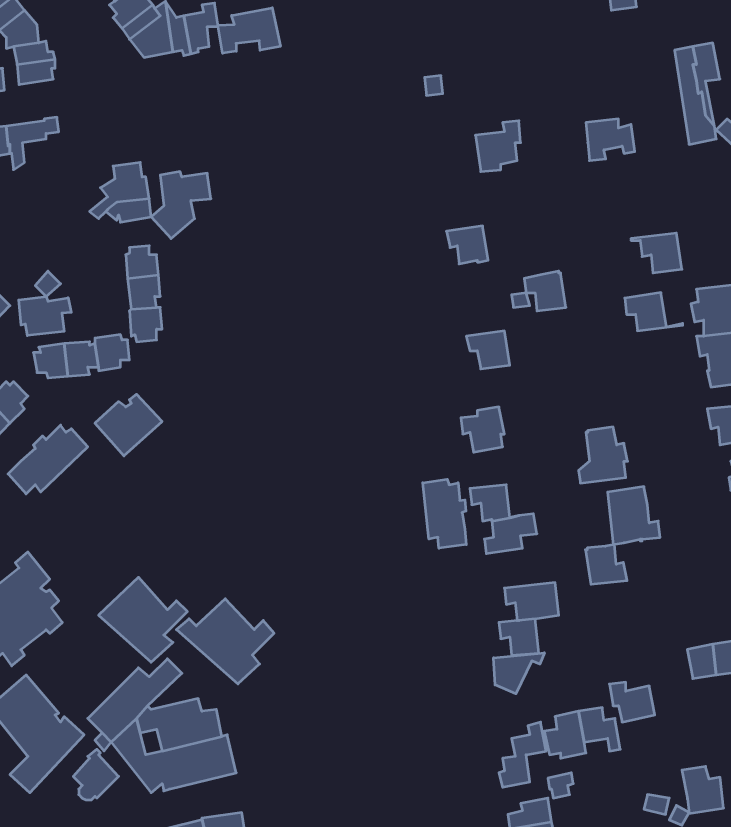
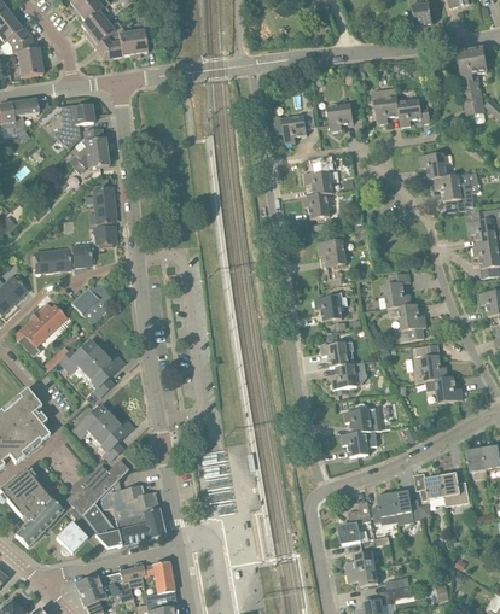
building: [218,8,280,53] -> none
building: none -> [373,88,400,123]
building: none -> [274,110,315,142]
building: [151,172,211,239] -> [54,104,94,148]
building: [524,271,566,311] -> [303,193,331,220]
building: [625,293,683,331] -> [420,153,459,179]
building: [19,296,71,336] -> none
building: none -> [384,271,417,309]
building: [423,479,466,548] -> none
building: [585,544,627,584] -> [435,376,463,403]
building: [176,599,274,684] -> [58,340,123,397]
building: [494,653,544,694] -> none
building: [682,766,724,813] -> [441,474,469,505]

